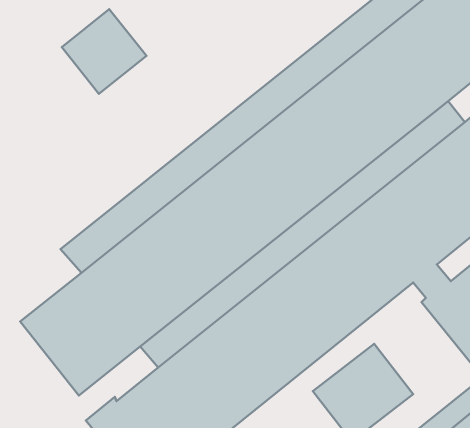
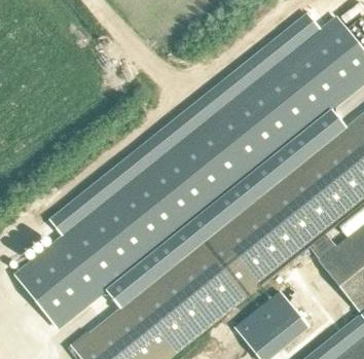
building: [62,9,146,94] -> none

